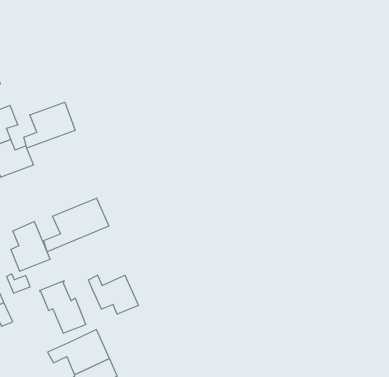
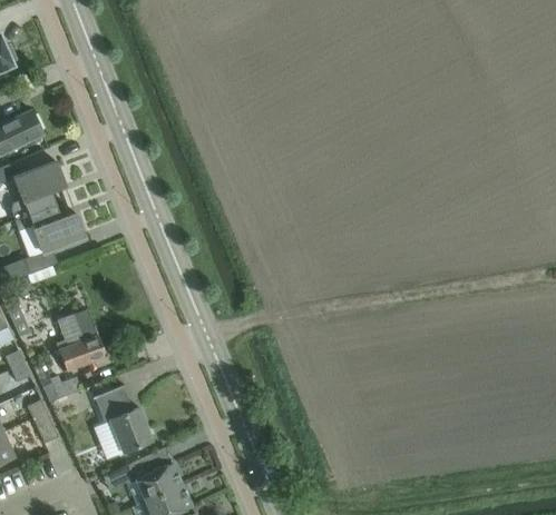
building: [24,102,75,148] -> none
building: [44,198,109,252] -> none
building: [89,275,138,314] -> none

